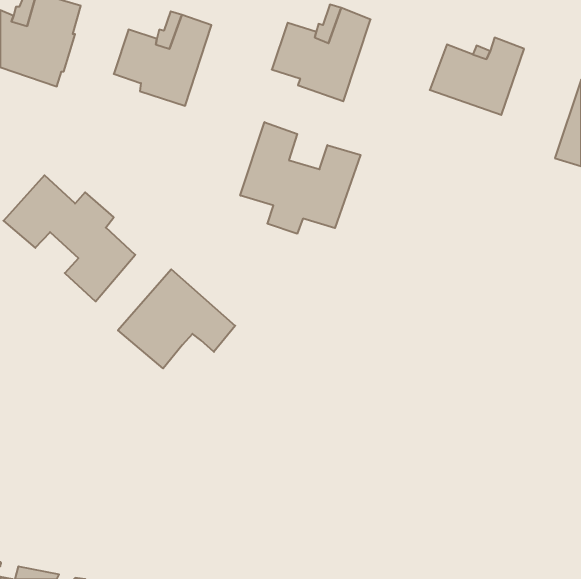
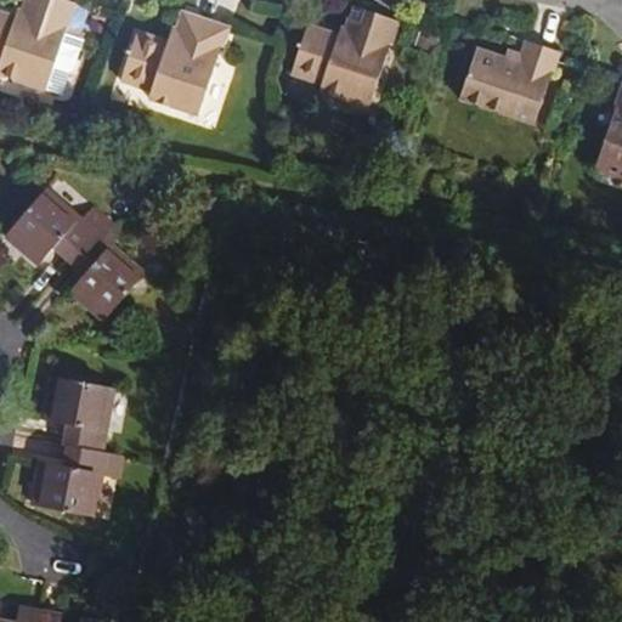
building: [240,122,361,234] -> none
building: [118,269,235,368] -> none
building: none -> [32,374,124,516]

